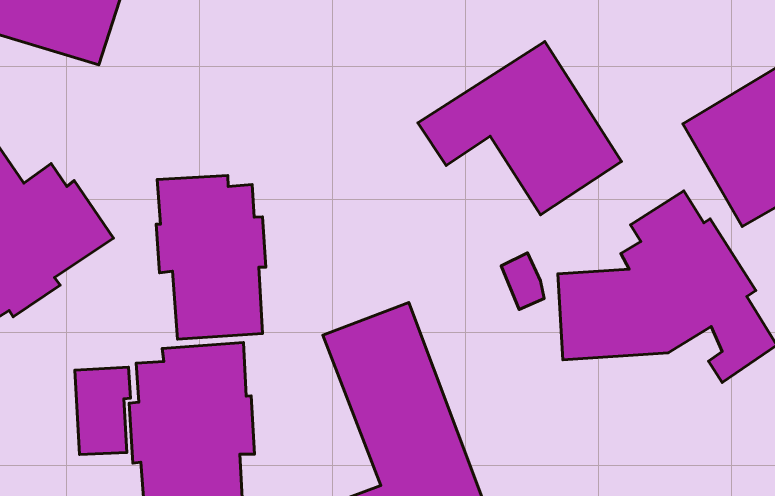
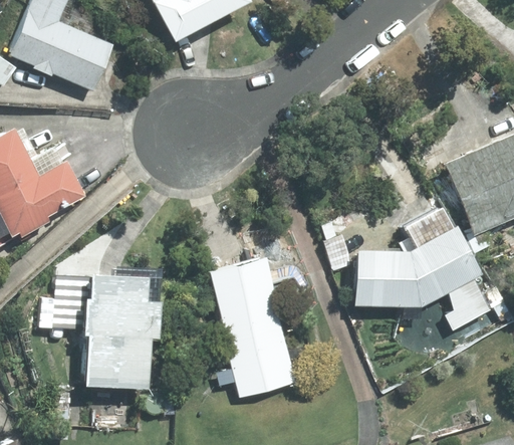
building: [418,41,621,215] -> none
building: [156,176,266,339] -> none

